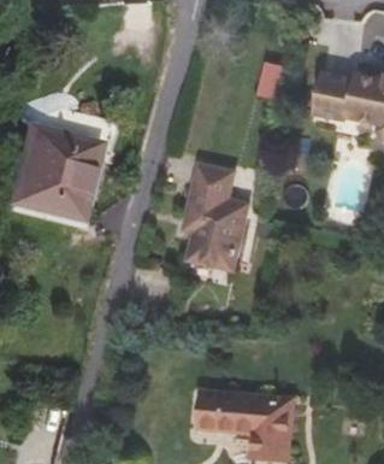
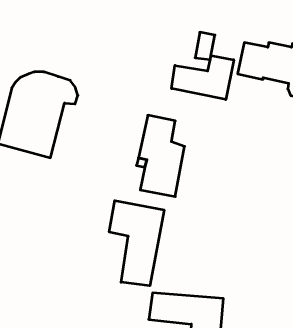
building: none -> [172,56,234,100]
building: none -> [109,201,164,286]

